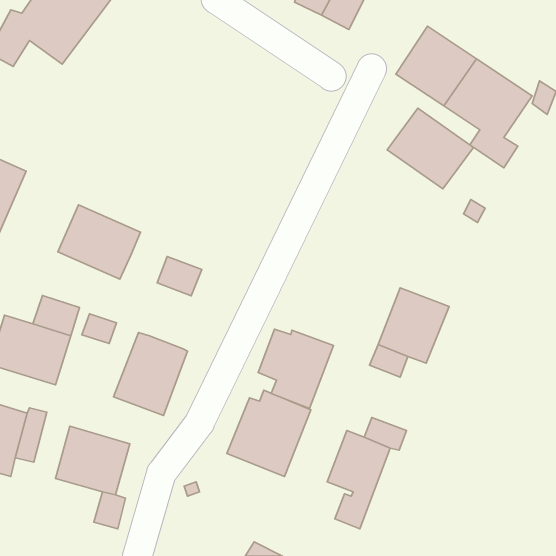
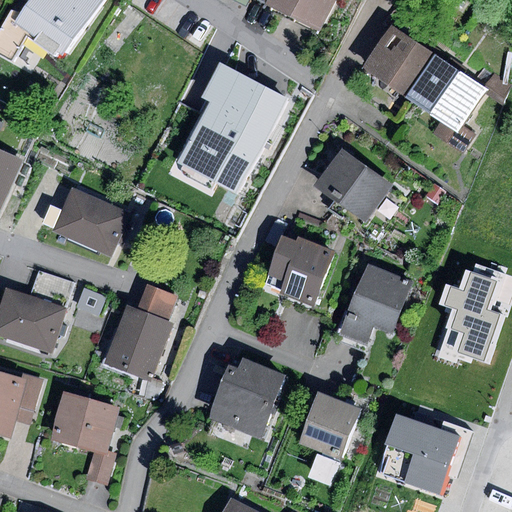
building: none -> [175,61,287,194]
building: [387,108,473,189] -> [313,148,392,222]
building: [157,257,202,296] -> [137,284,178,320]
building: none -> [437,270,505,364]
building: [258,329,333,409] -> [266,235,335,308]
building: none -> [377,414,460,495]

